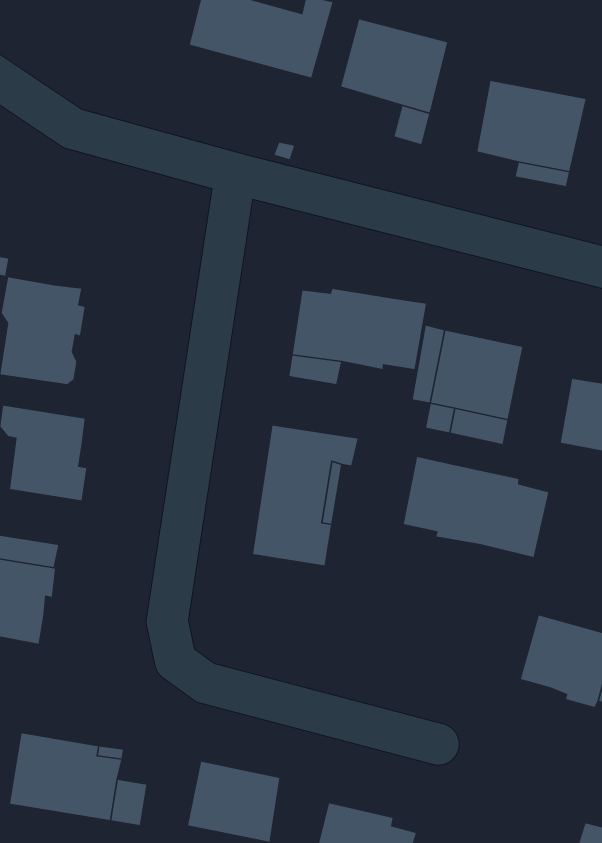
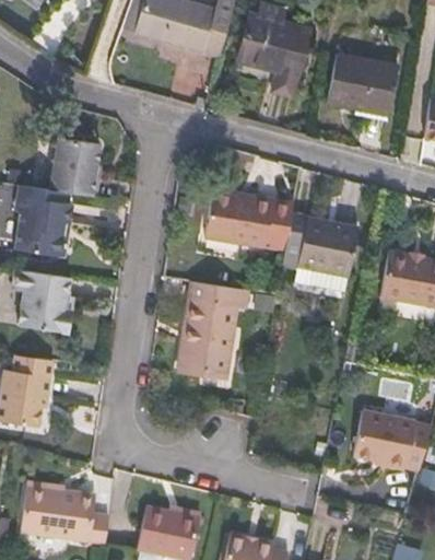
building: none -> [49,137,96,197]
building: [403,456,549,558] -> none

